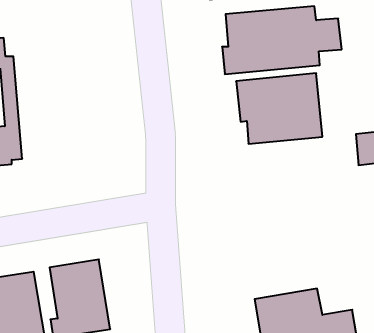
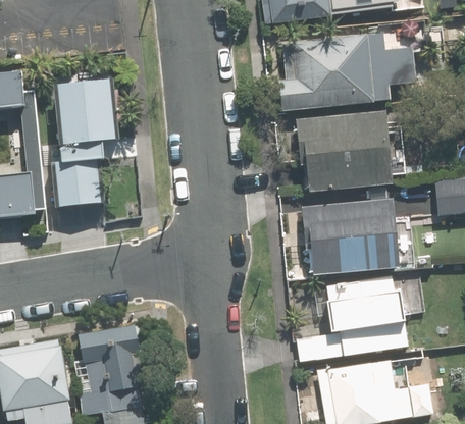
building: none -> [52,77,117,206]
building: none -> [301,197,401,275]
building: none -> [297,275,409,362]

